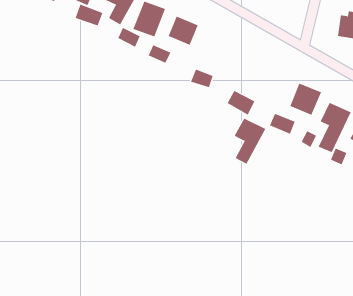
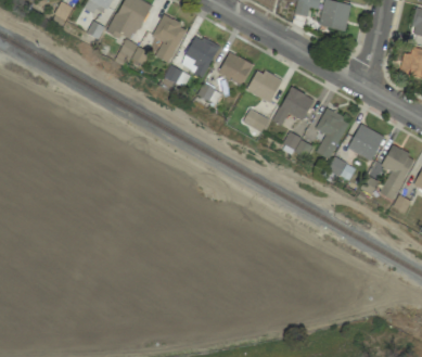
building: none -> [247,68,282,102]
building: none -> [274,87,315,126]
building: [234,118,266,164] -> [316,109,350,158]

